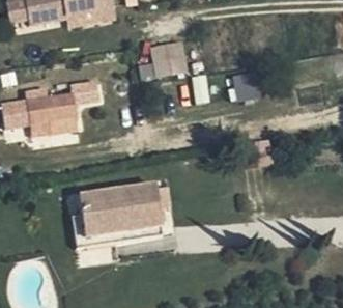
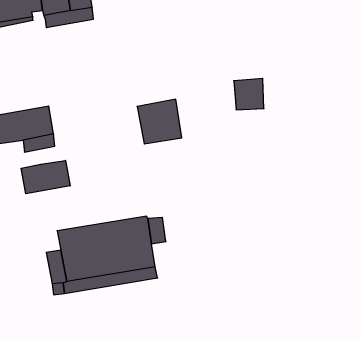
building: [147,38,185,77] -> [137,99,182,144]
building: none -> [21,160,70,194]

